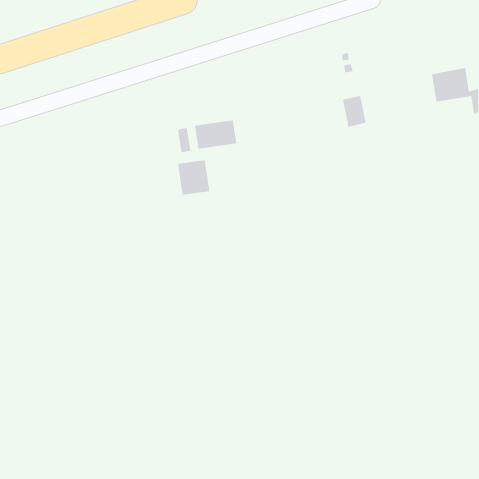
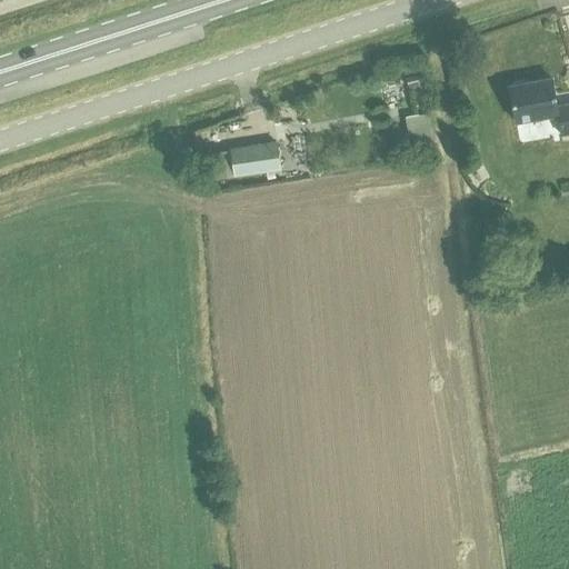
building: [178,160,210,196] -> none

